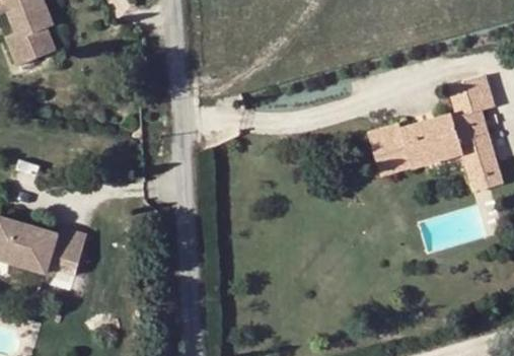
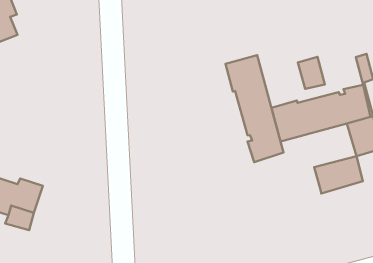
building: none -> [226,55,283,162]
building: [448,74,482,114] -> [298,57,325,89]
building: none -> [314,156,363,194]

